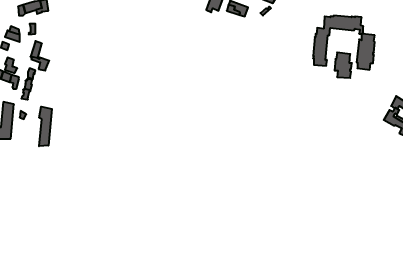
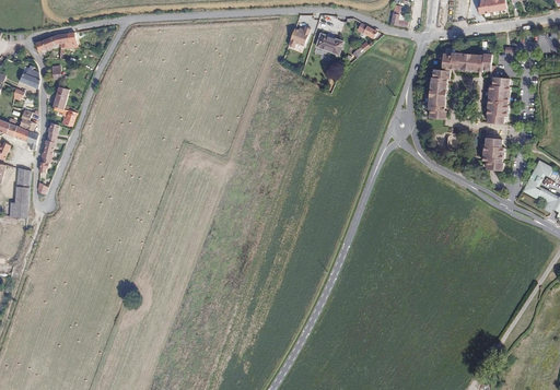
building: [335,52,352,78] -> [482,137,505,170]
building: [39,107,52,146] -> none

